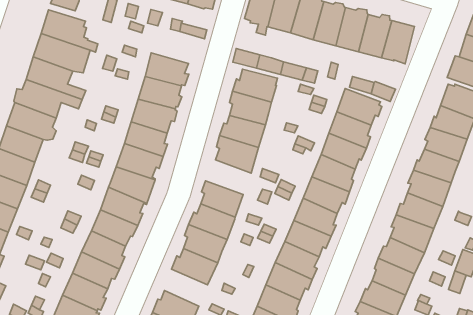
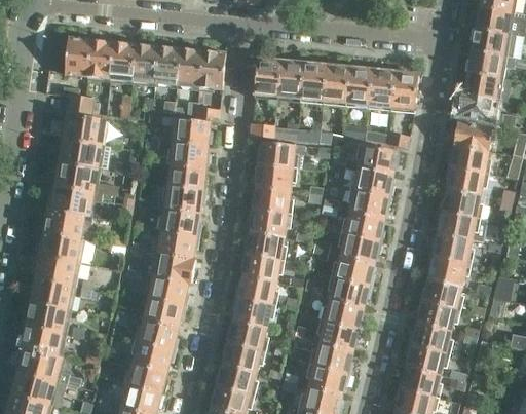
building: none -> [171,117,212,144]
building: none -> [242,231,285,260]
building: none -> [221,342,261,373]

